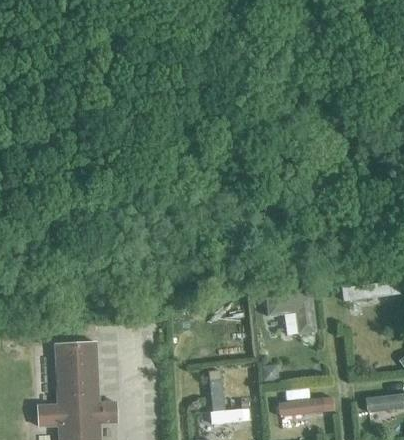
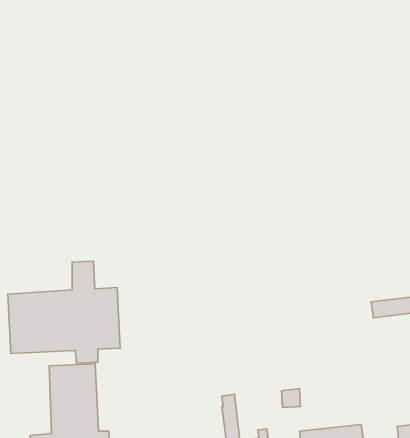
building: none -> [8,261,120,363]
building: [266,292,317,334] -> none

